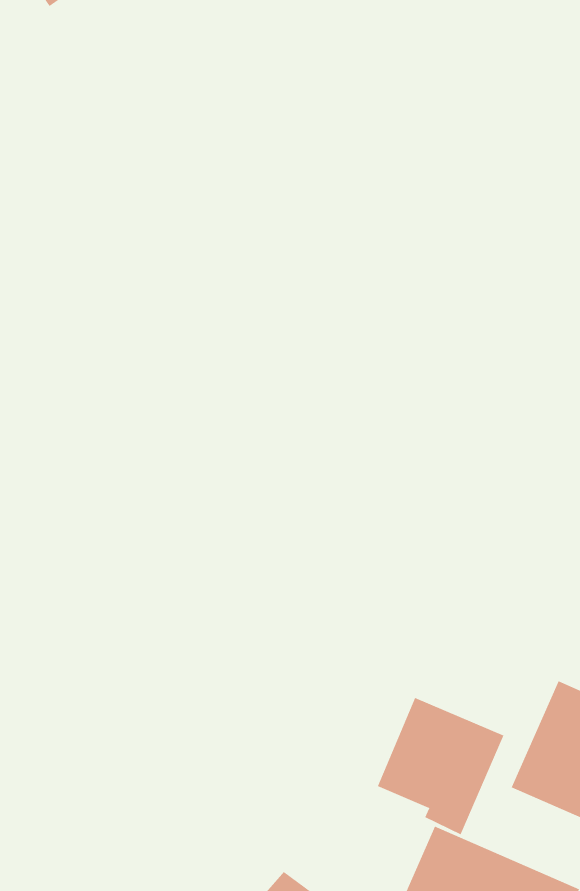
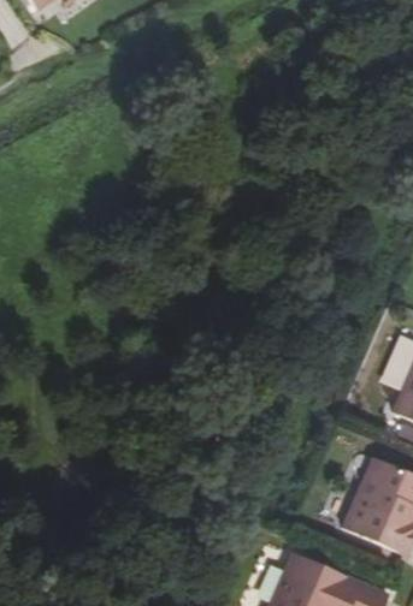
building: [377,697,504,835] -> none

